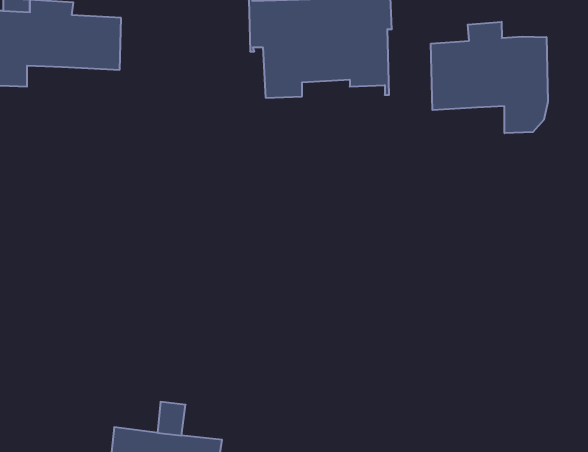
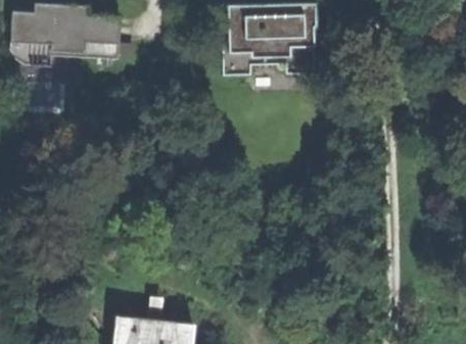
building: [431,22,548,133] -> none

